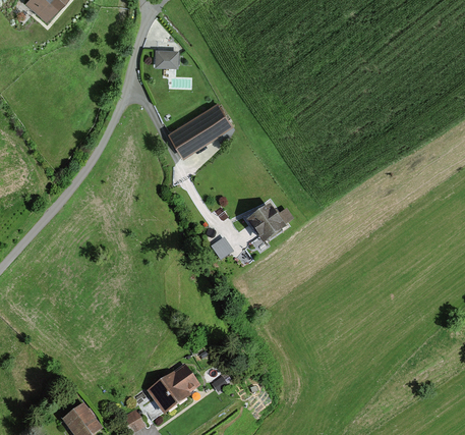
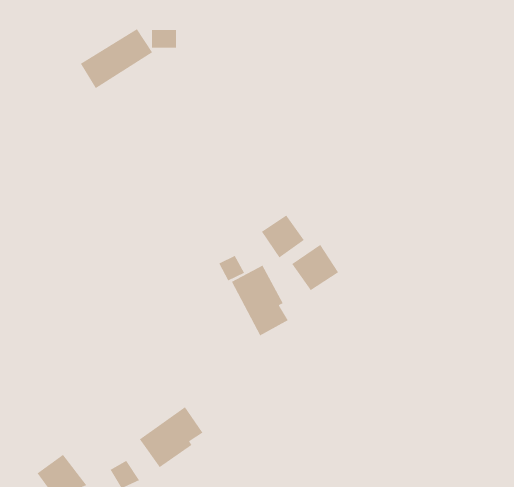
building: [170,104,231,155] -> [80,28,153,89]
building: none -> [291,244,339,291]
building: none -> [231,265,289,337]

